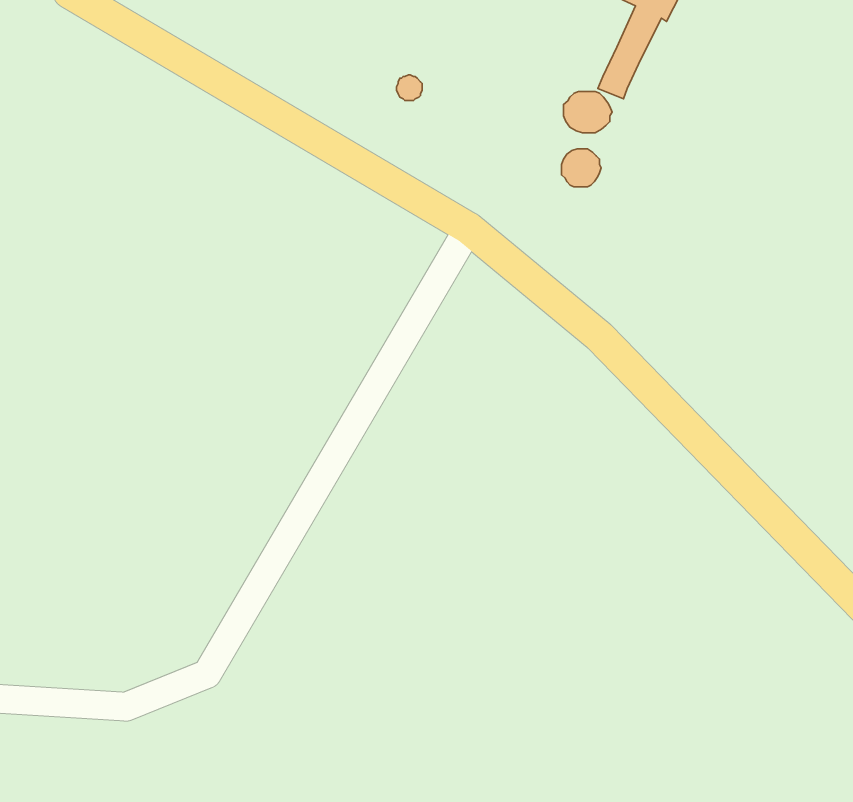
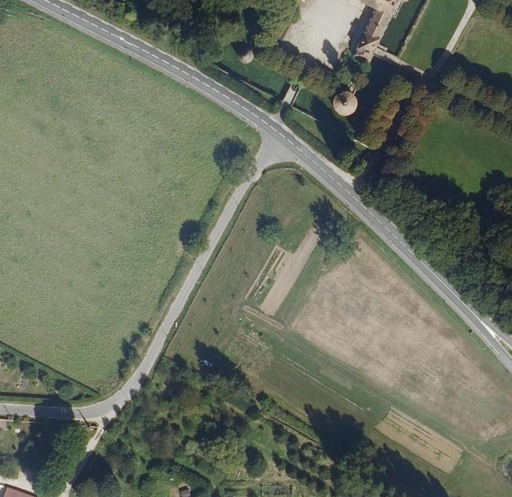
building: [564,91,612,133] -> none

